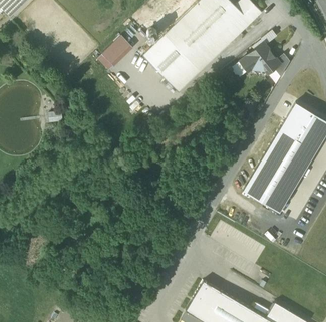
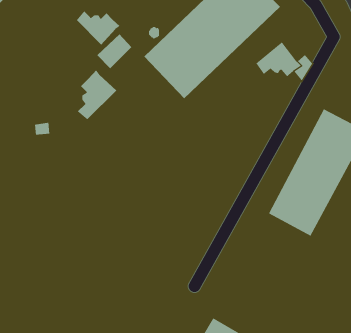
building: none -> [76,11,120,45]
building: none -> [77,69,117,120]

